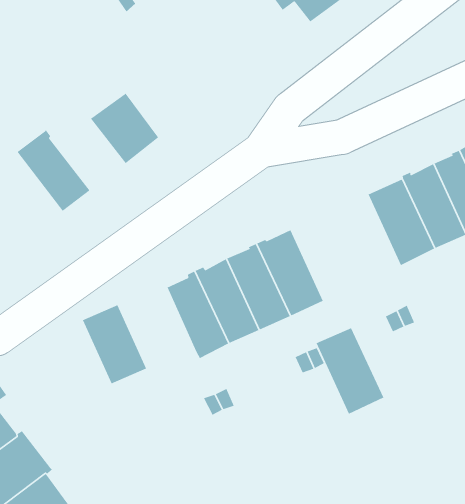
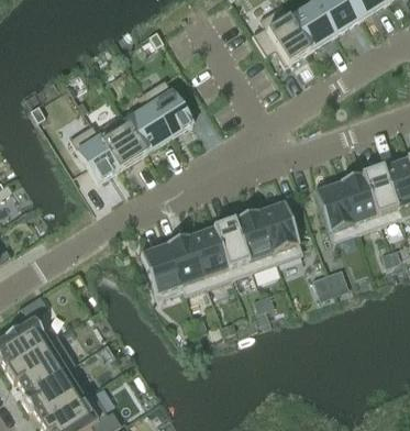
building: none -> [143,78,193,136]
building: none -> [95,112,146,169]
building: [82,304,147,385] -> [141,242,184,298]
building: [315,327,384,415] -> [258,200,303,262]

